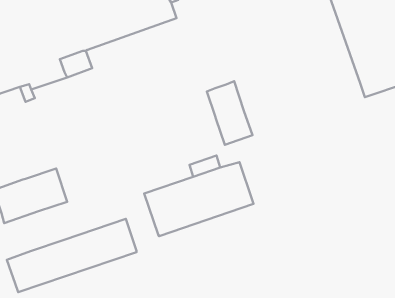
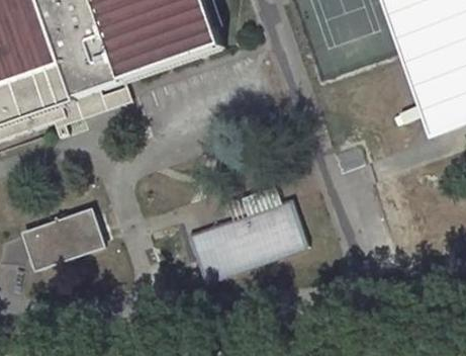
building: [207,81,252,145] -> none
building: [7,219,137,292] -> none

